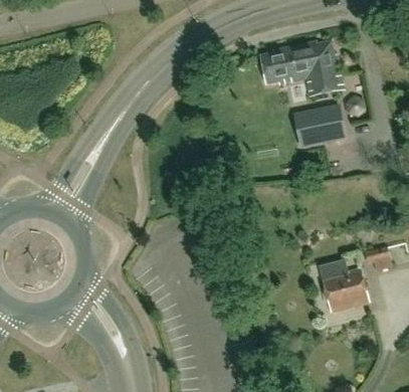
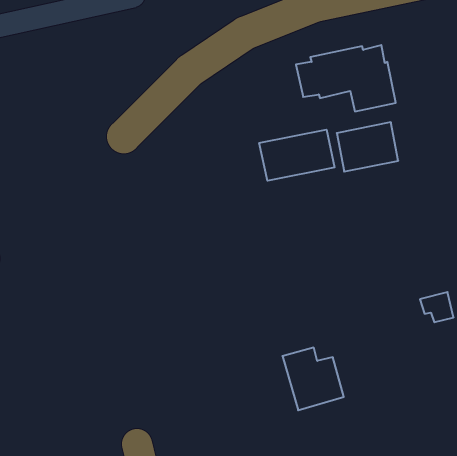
building: none -> [259,130,335,181]
building: [318,261,369,314] -> [282,348,344,410]

